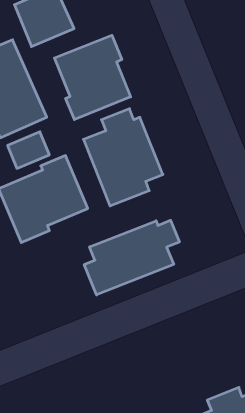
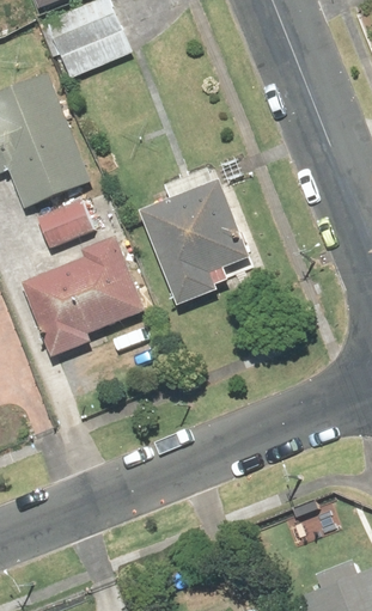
building: [54,35,131,120] -> none
building: [84,220,179,295] -> none

